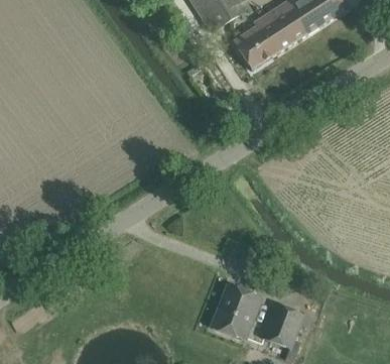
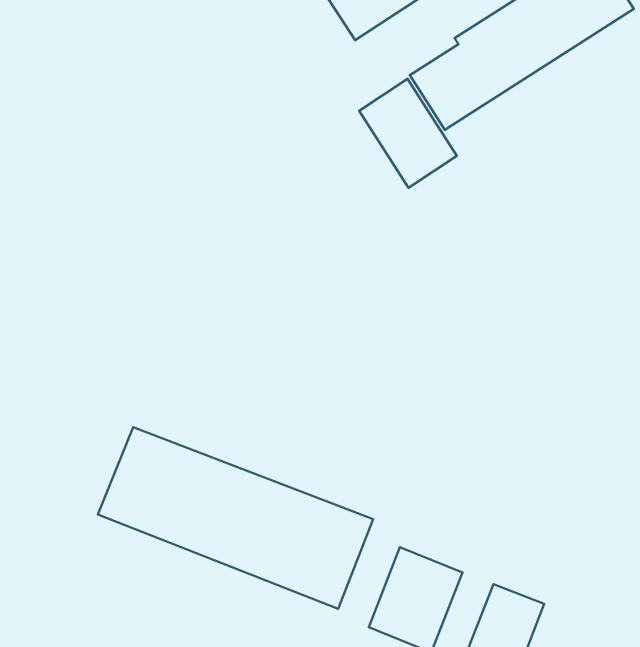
building: none -> [359,79,457,188]
building: none -> [98,427,373,609]

